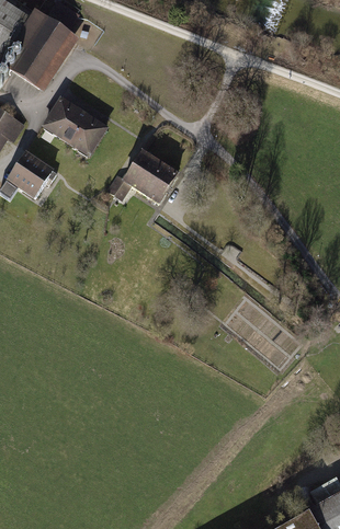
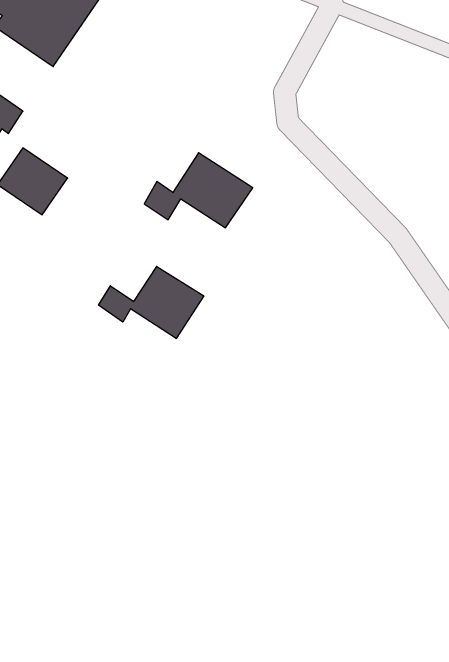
building: [43,100,109,159] -> none
building: none -> [99,266,204,339]

